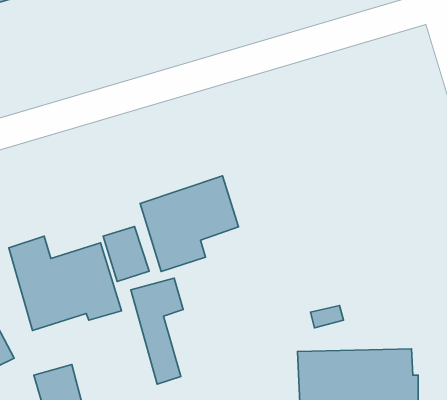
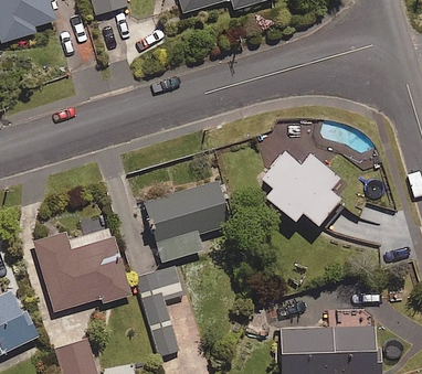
building: none -> [259,151,338,227]
building: [103,226,149,281] -> none

